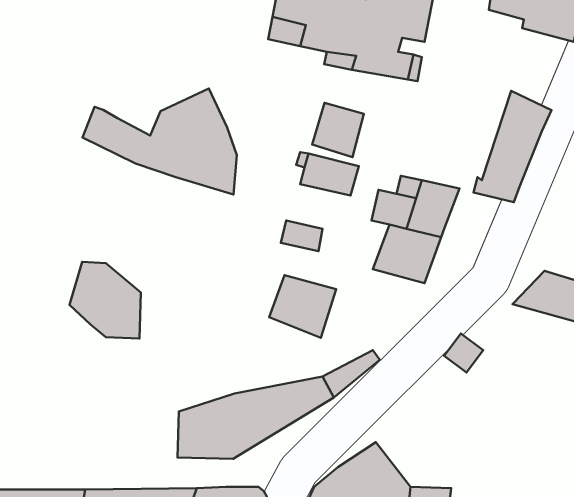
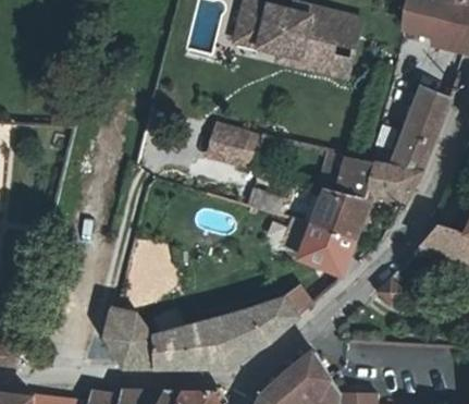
building: [82,89,237,194] -> none
building: [312,103,364,157] -> [206,120,246,162]
building: none -> [367,159,421,200]
building: [70,262,141,338] -> [104,309,160,369]
building: [269,275,336,338] -> [299,222,351,271]

